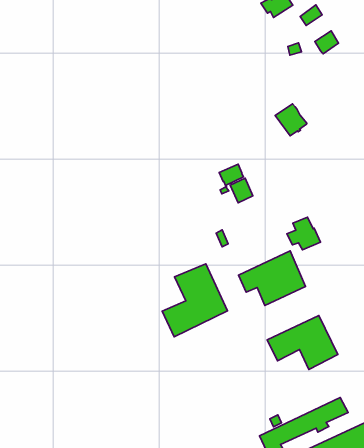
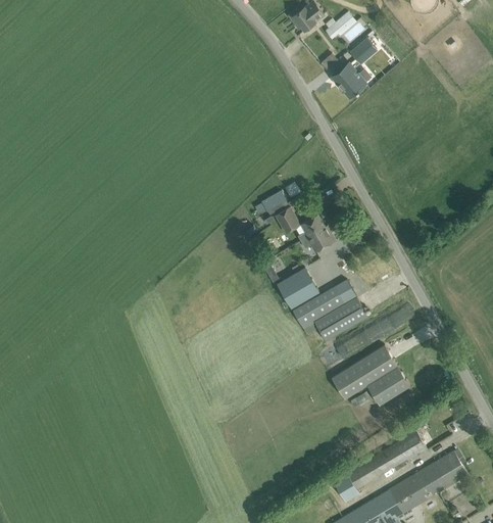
building: [275,104,307,136] -> [331,62,365,97]
building: [287,217,320,250] -> [297,215,334,250]
building: none -> [278,268,318,307]
building: [162,264,228,337] -> none

